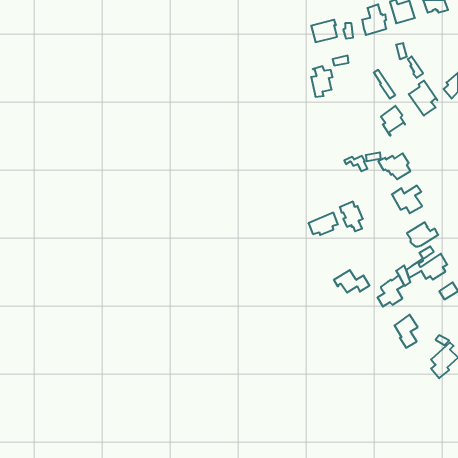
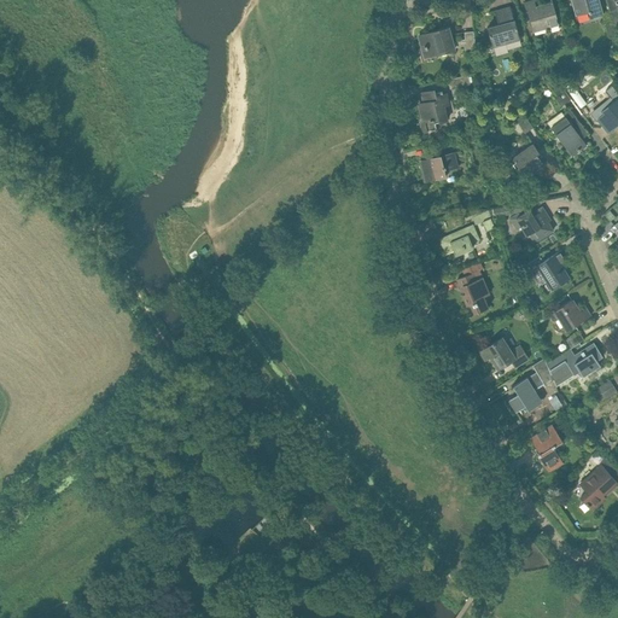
building: none -> [421,152,456,181]
building: [308,213,338,235] -> [439,225,479,255]
building: [334,270,370,293] -> [480,338,529,368]

